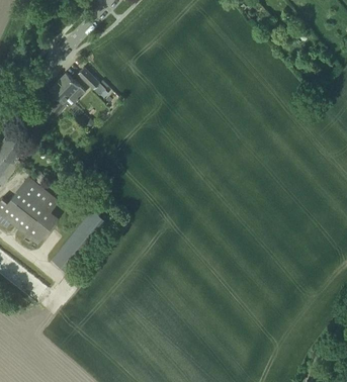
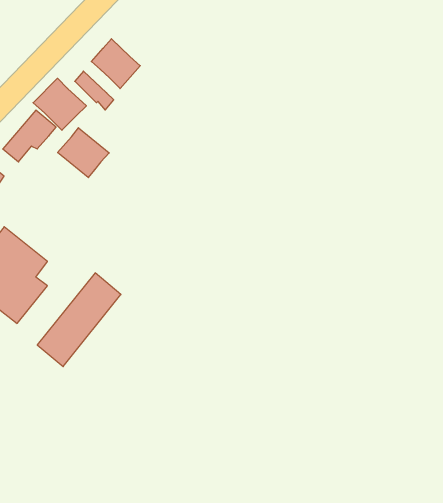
building: none -> [91,39,140,89]
building: none -> [58,128,109,178]

